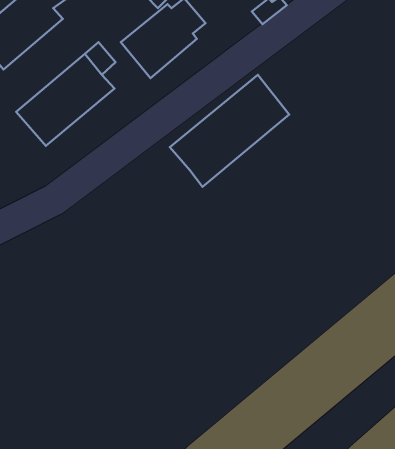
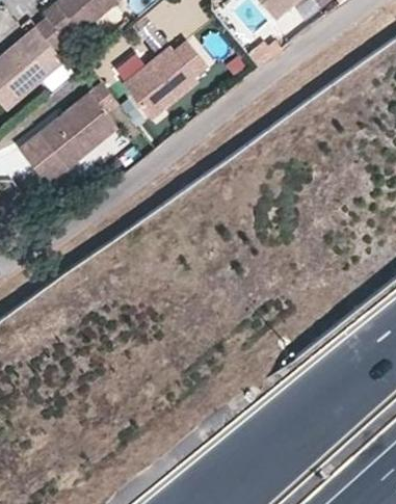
building: [170,75,289,187] -> none

